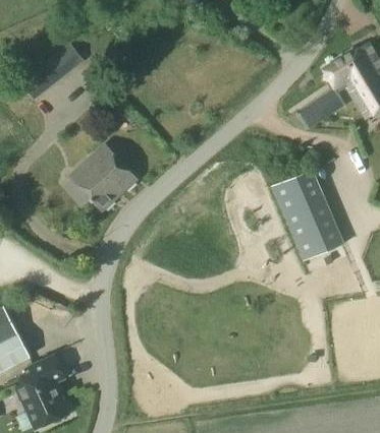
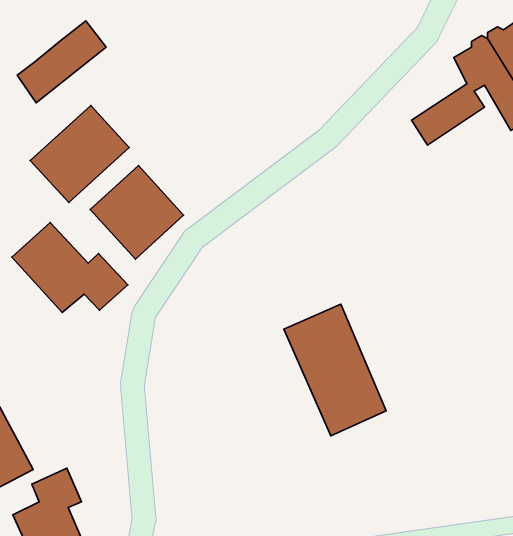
building: none -> [30,105,129,203]
building: [270,170,341,261] -> [284,304,386,436]
building: none -> [12,222,128,312]

